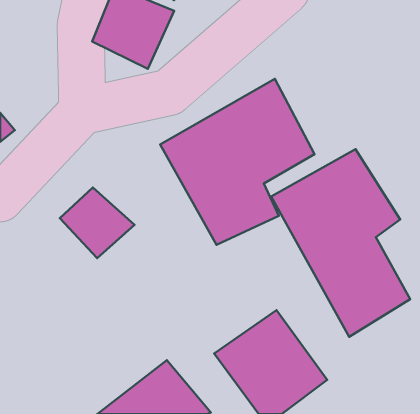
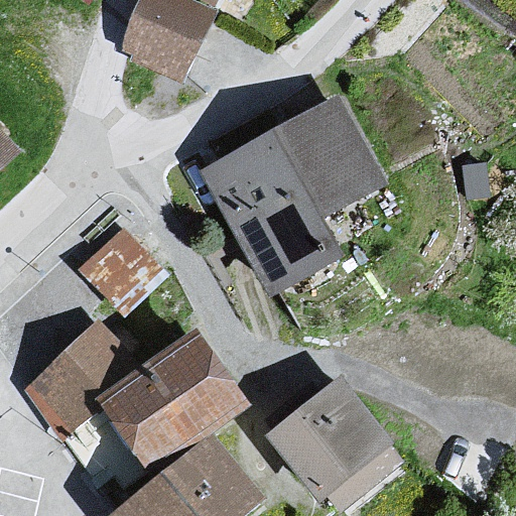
building: [271,149,410,337] -> none
building: none -> [25,317,143,416]
building: none -> [99,334,250,469]

